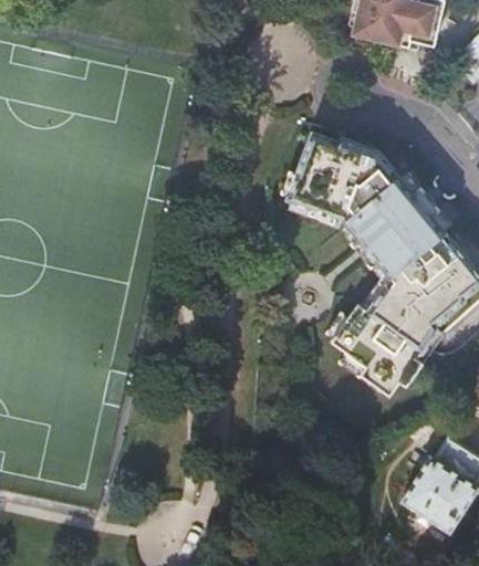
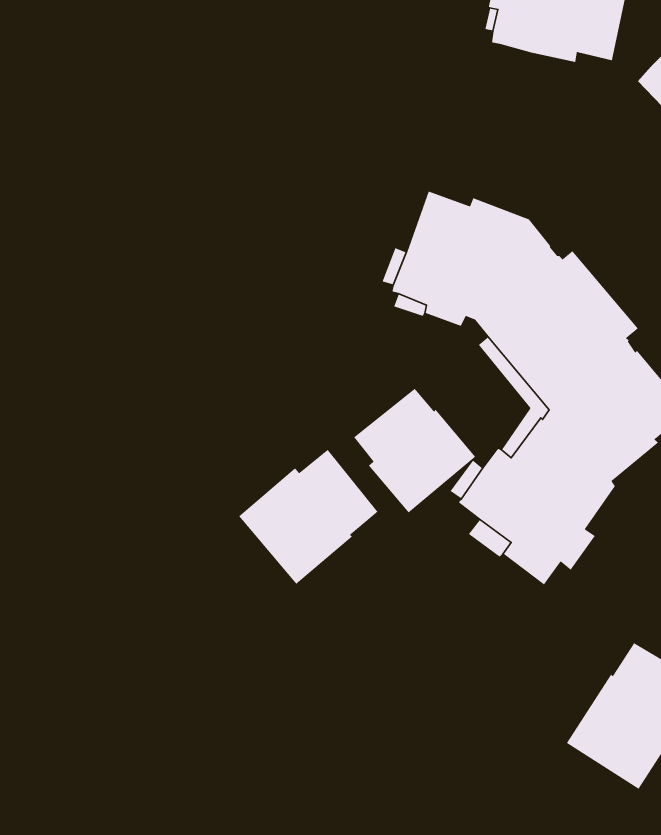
building: none -> [353,388,476,513]
building: none -> [238,449,378,585]

